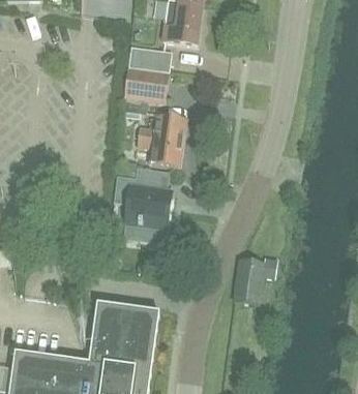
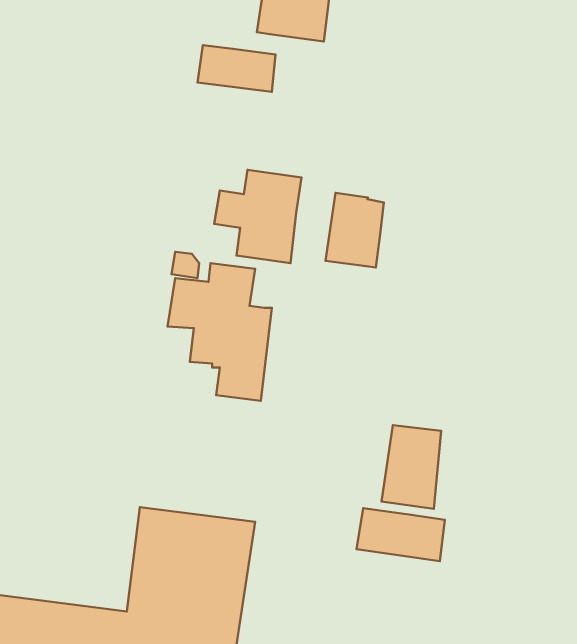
building: [124,69,169,103] -> none
building: none -> [325,193,384,268]
building: none -> [356,508,445,561]

